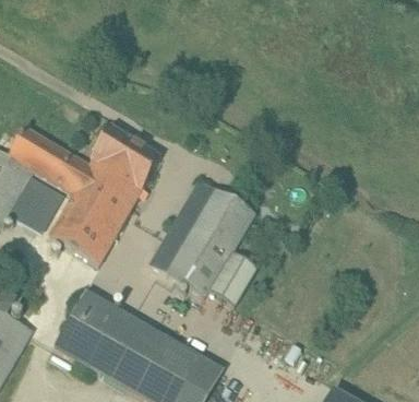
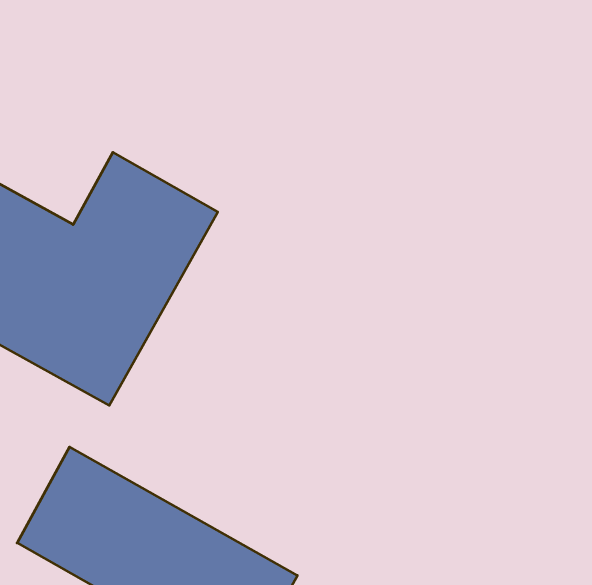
building: [167,192,258,308] -> none

